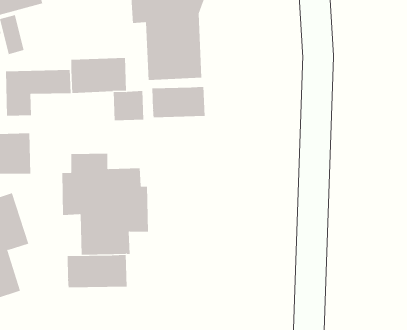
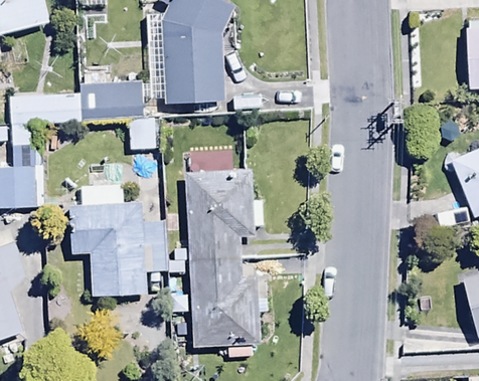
building: [152,86,205,118] -> none
building: none -> [183,168,264,347]
building: [67,254,127,288] -> none

